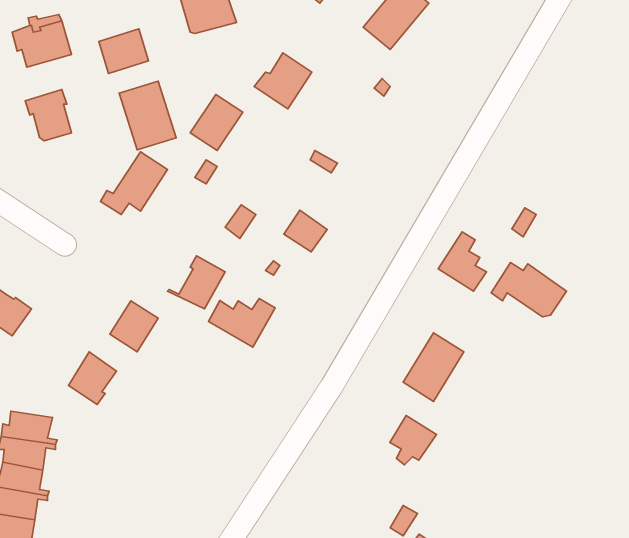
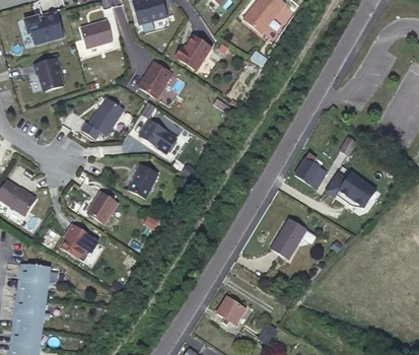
building: [119,81,176,150] -> none
building: [284,210,327,252] -> [142,121,169,147]
building: [208,298,275,347] -> none
building: [390,415,436,465] -> [219,296,249,328]

